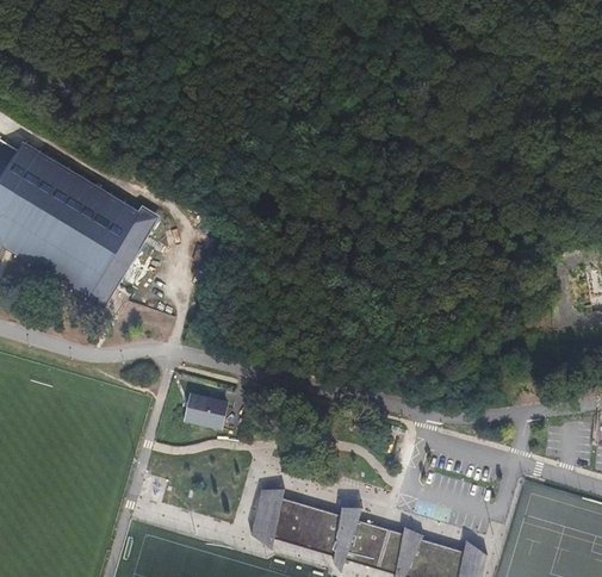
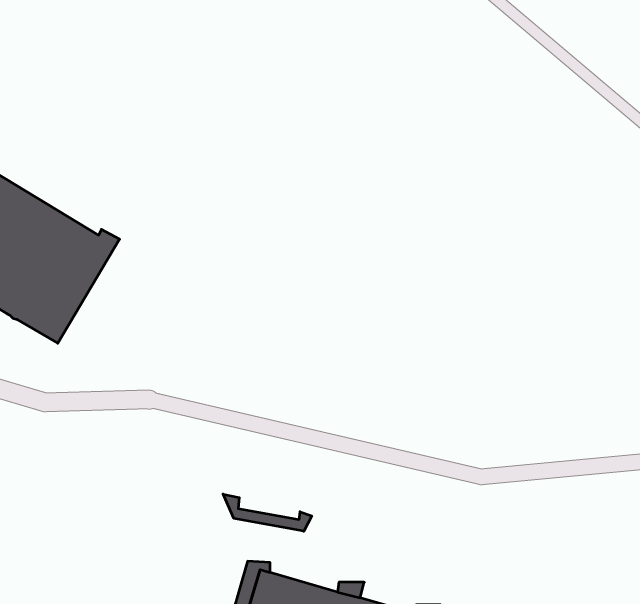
building: [188,387,231,426] -> none
building: none -> [223,494,312,531]

